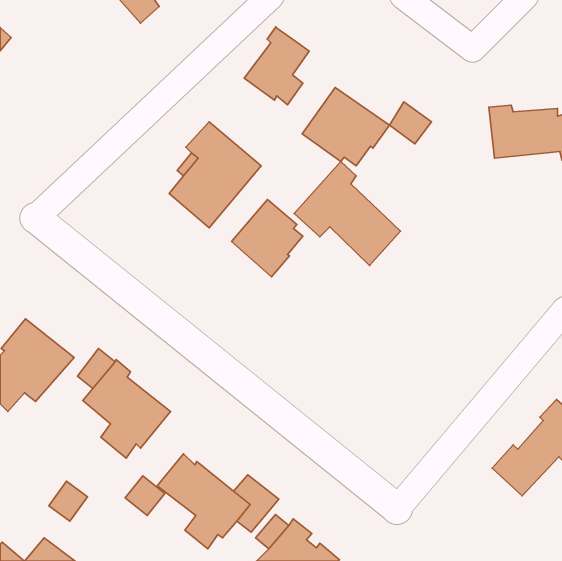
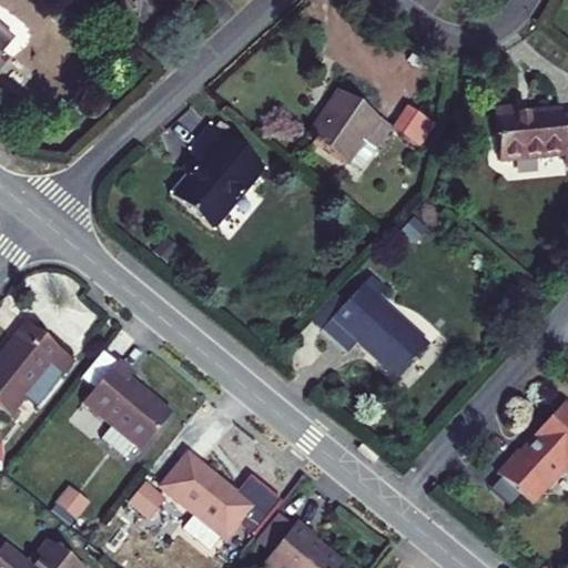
building: [244,27,309,105] -> none
building: [294,162,400,266] -> [323,274,429,378]
building: [232,199,303,277] -> none

